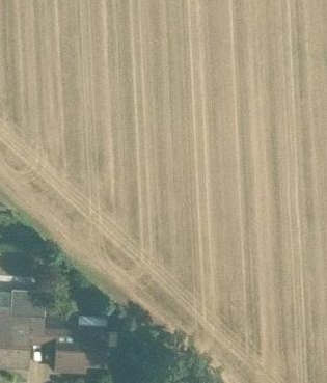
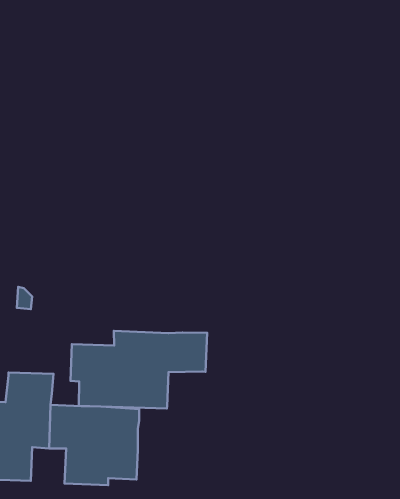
building: none -> [70,331,207,409]

